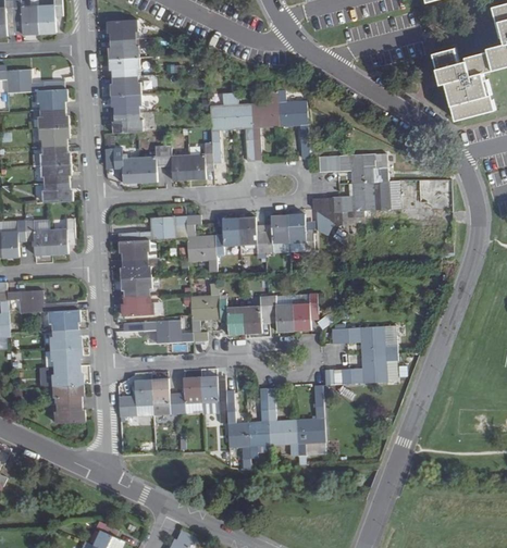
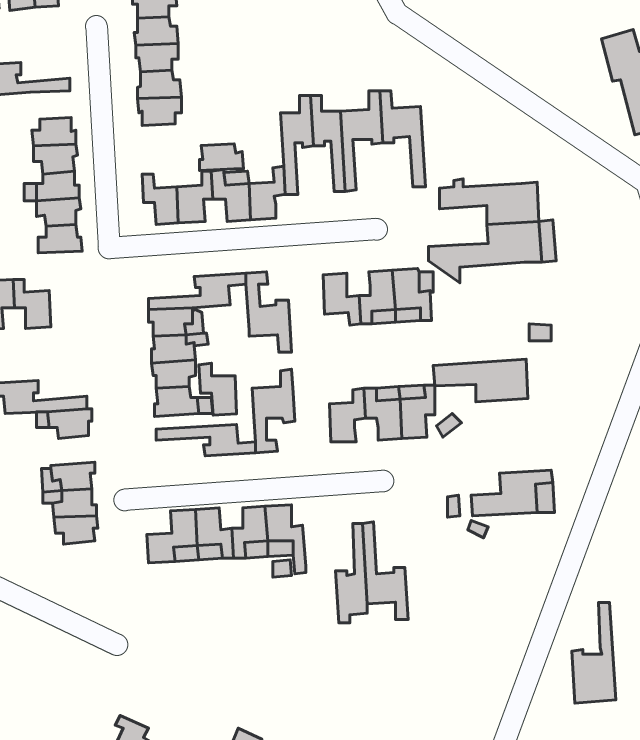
building: [36,90,66,110] -> none
building: [112,113,143,132] -> [200,144,244,171]
building: [49,217,74,253] -> none
building: [214,217,239,254] -> none
building: [218,298,244,334] -> [199,363,237,415]
building: [331,325,396,354] -> [433,359,528,402]
building: [50,328,81,349] -> none
building: [295,386,325,456] -> [572,602,616,703]
building: [224,390,249,468] -> none
building: [53,401,84,423] -> none

